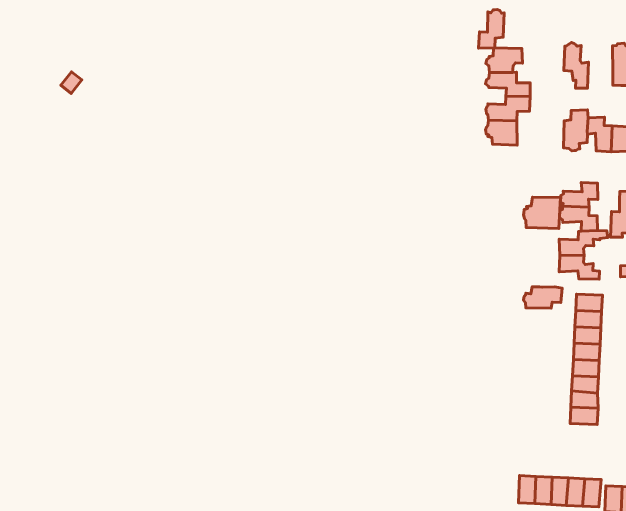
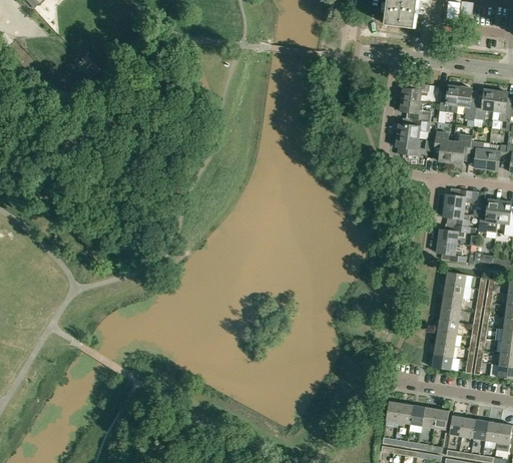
building: [479,9,504,48] -> [438,83,460,111]
building: none -> [474,87,495,119]
building: none -> [433,131,453,162]
building: [523,197,561,228] -> none
building: [523,287,562,308] -> none

